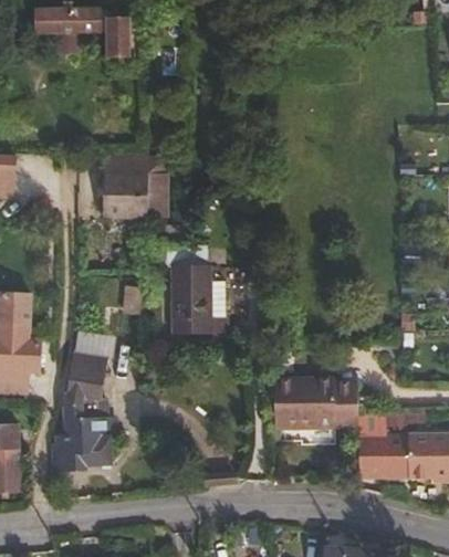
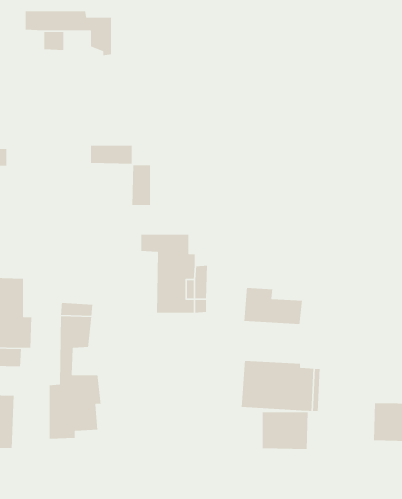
building: [103,176,148,221] -> none
building: none -> [244,287,303,325]
building: [357,431,407,472] -> [262,412,309,450]

